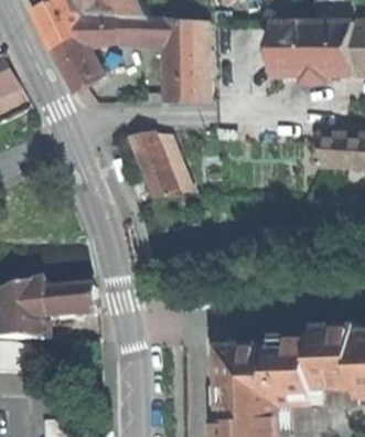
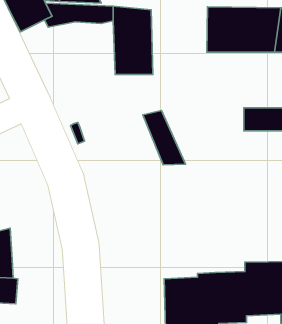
building: [51,34,99,90] -> none
building: [127,130,178,195] -> [143,110,185,165]
building: [44,289,95,320] -> none

